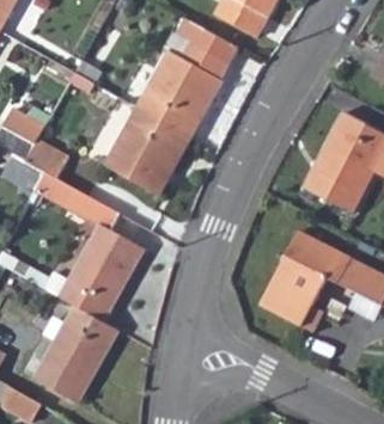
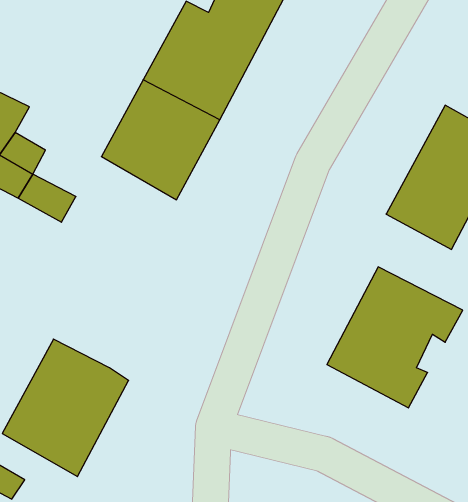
building: [55,214,142,312] -> none

